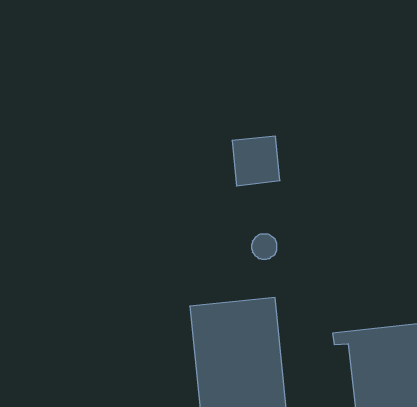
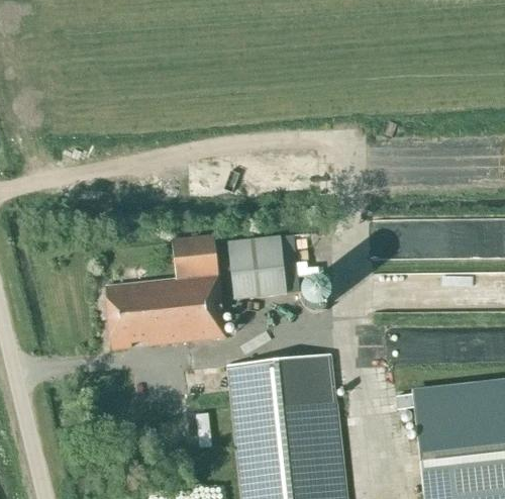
building: [232,136,280,186] -> [229,236,285,294]
building: none -> [106,235,225,348]

